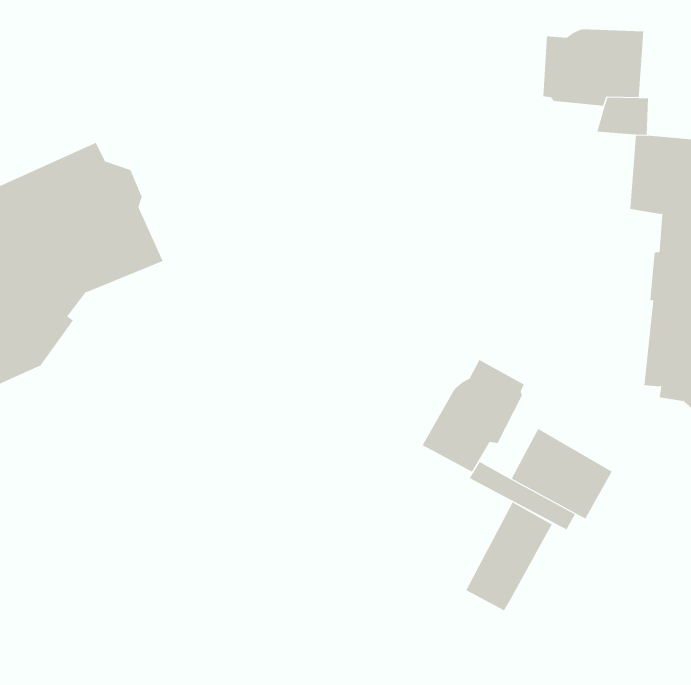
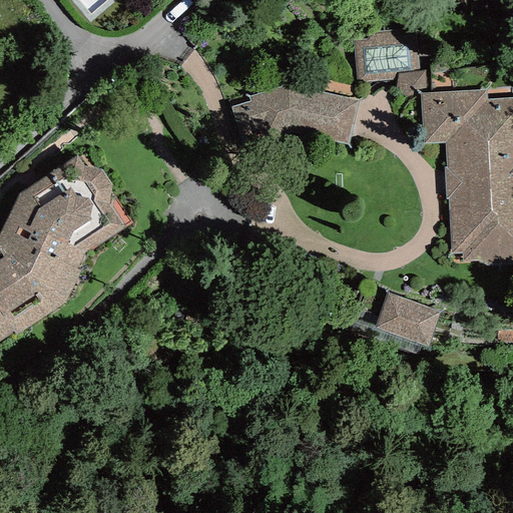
building: none -> [231,83,359,147]
building: [422,359,525,473] -> none
building: [466,501,553,611] -> none

